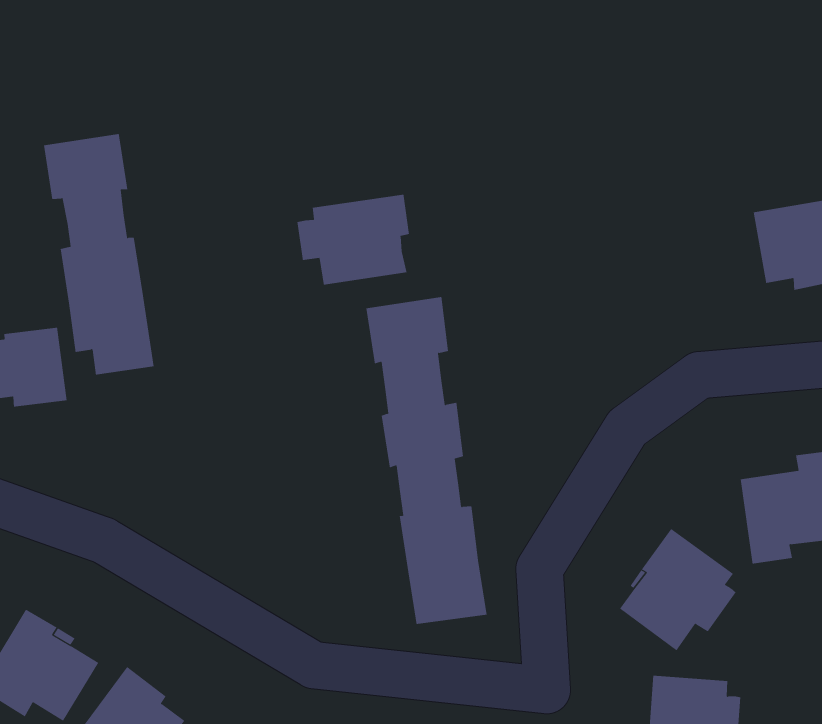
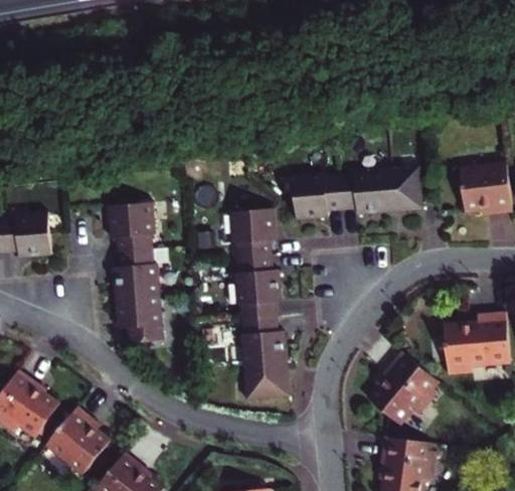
building: [43,133,155,375] -> [107,200,164,341]
building: [297,194,410,286] -> none
building: none -> [293,165,423,218]

